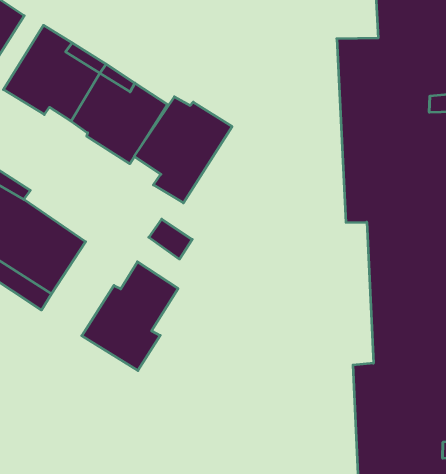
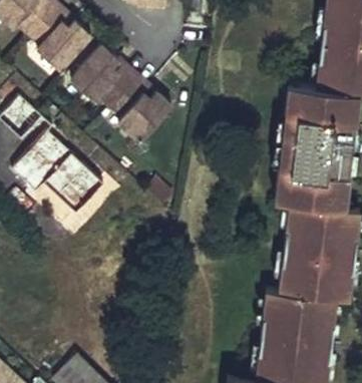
building: [134,97,232,203] -> none
building: [82,262,178,371] -> none

